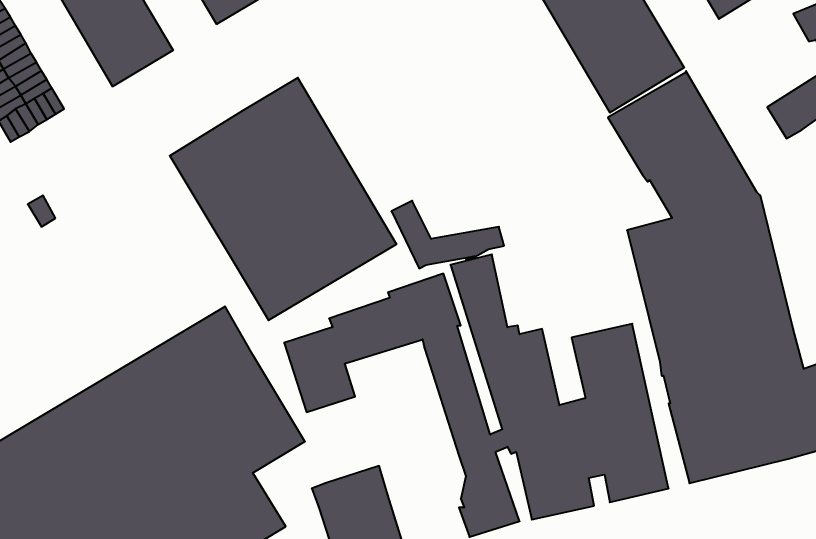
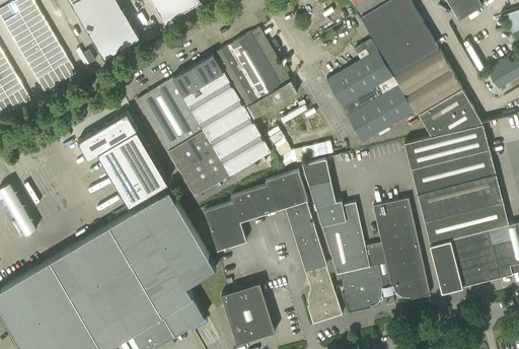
building: none -> [217,29,298,119]
building: none -> [320,41,414,143]
building: none -> [79,115,168,207]

